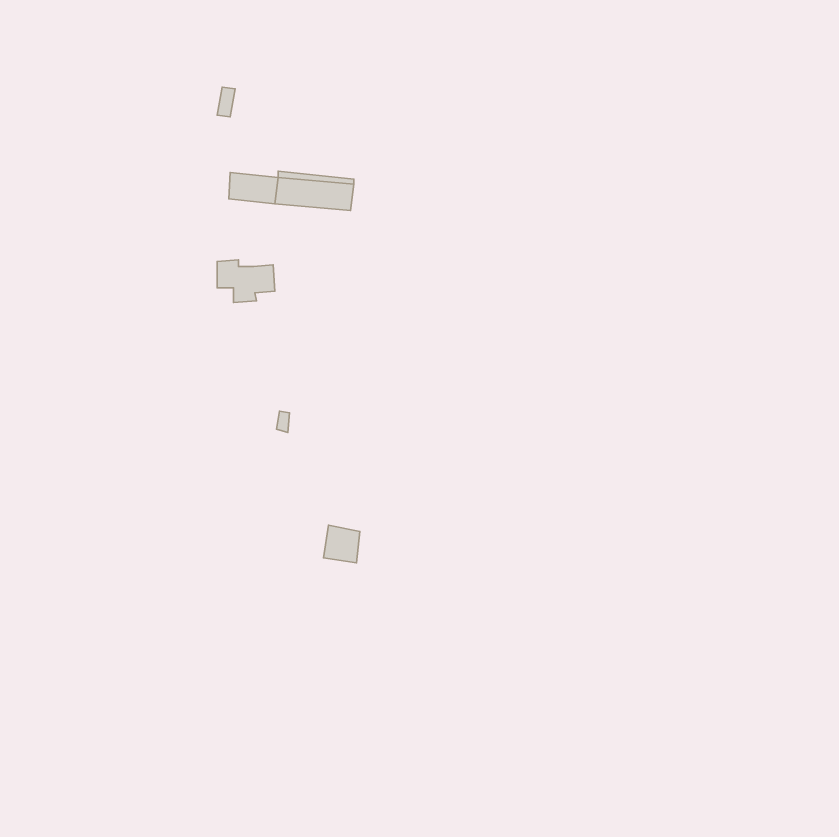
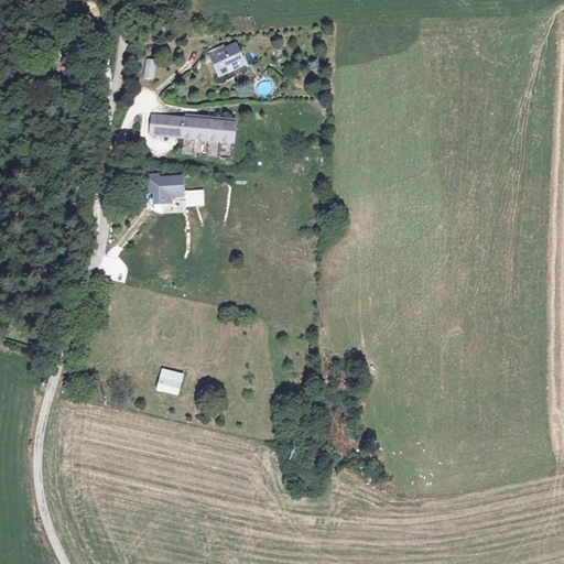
building: none -> [209,44,239,68]
building: [324,525,360,563] -> [158,367,182,392]

